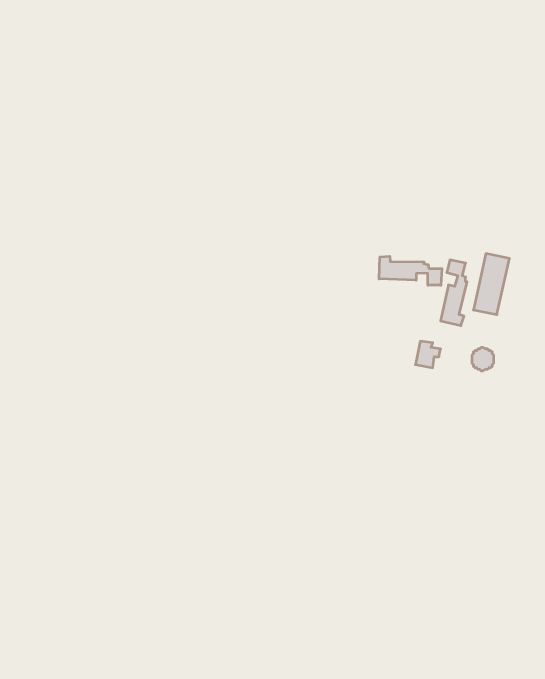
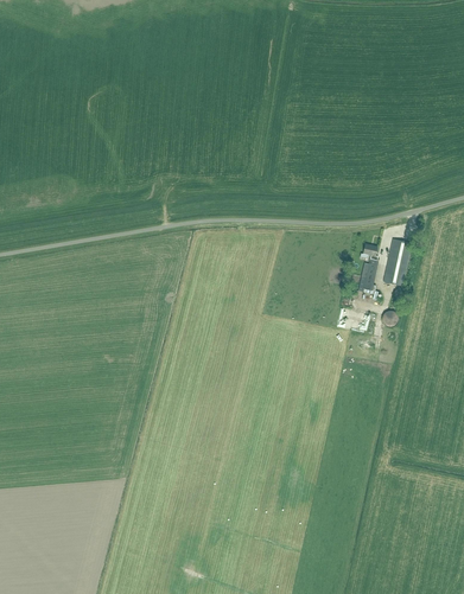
building: [379,256,442,285] -> none

